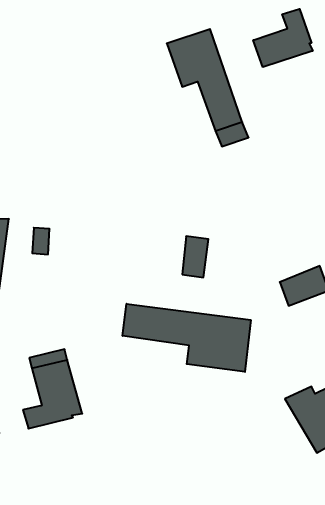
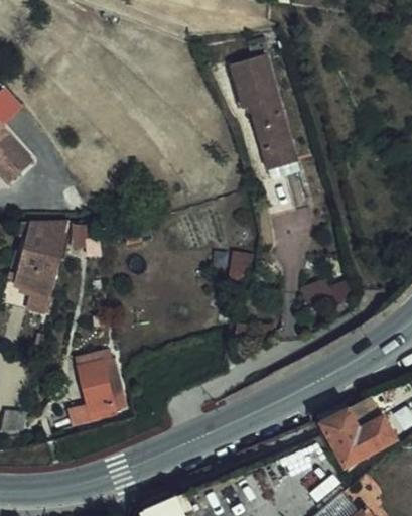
building: [253,9,313,67] -> none
building: [123,304,251,372] -> none

